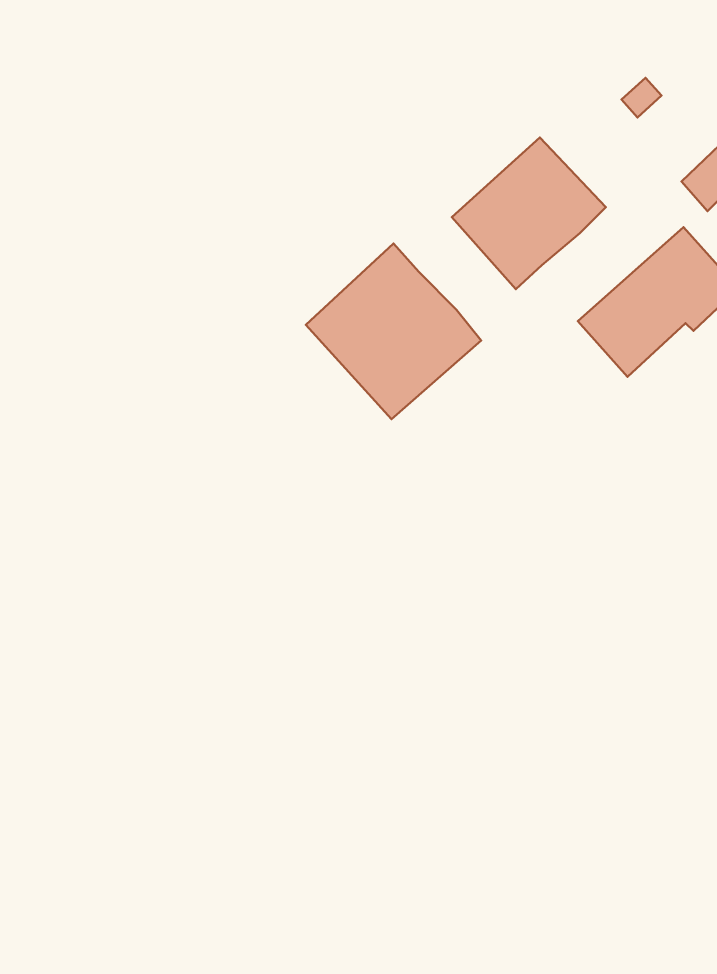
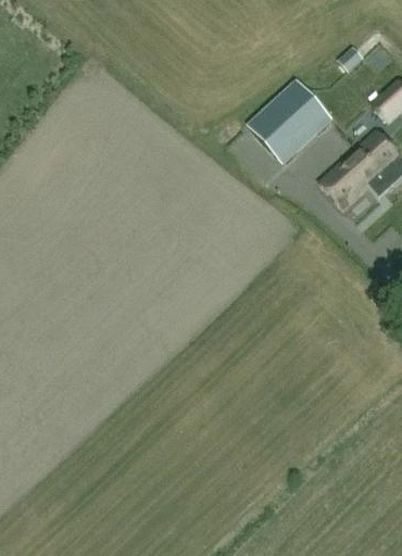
building: [306,244,481,419] -> none

